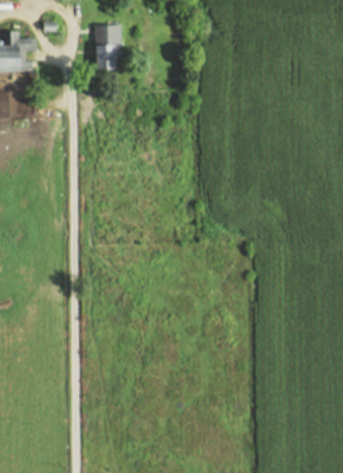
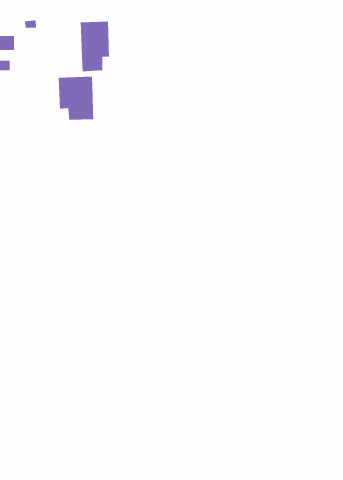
building: none -> [58,76,94,121]

